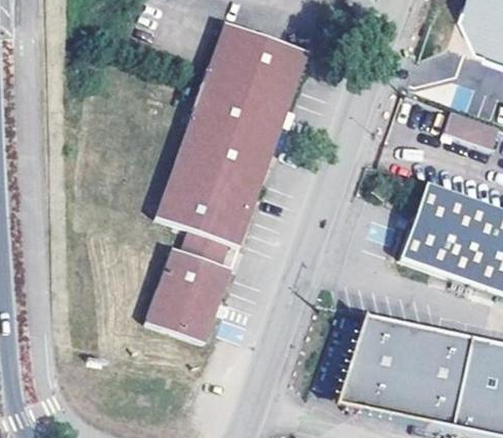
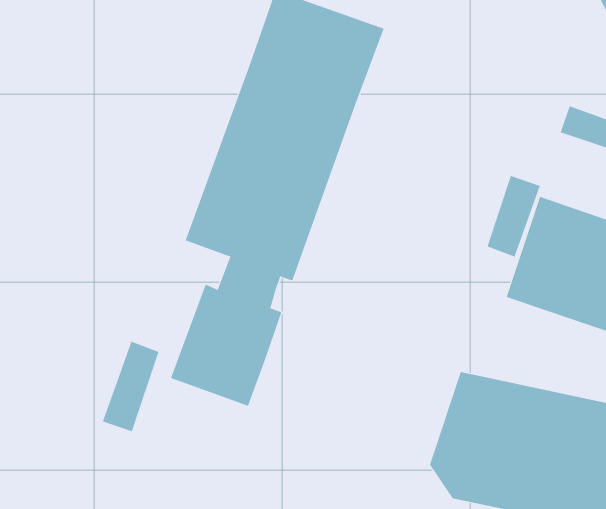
building: none -> [487,175,540,257]
building: none -> [102,341,159,432]

